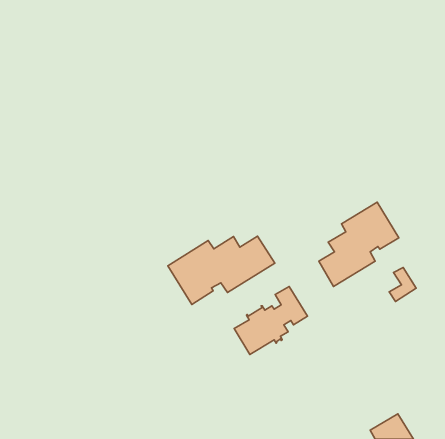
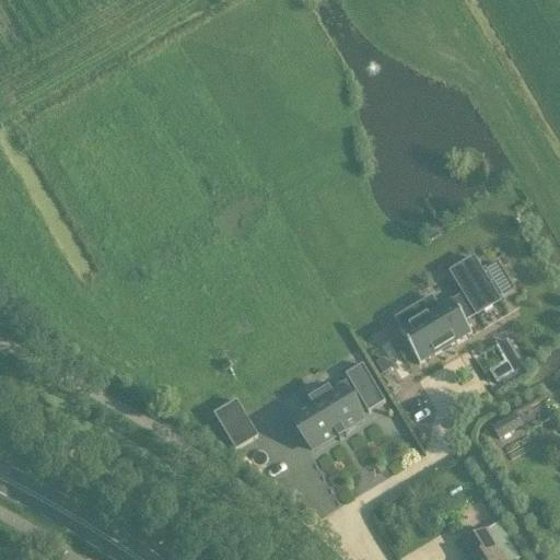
building: [168,236,275,305] -> none
building: none -> [212,396,256,446]

